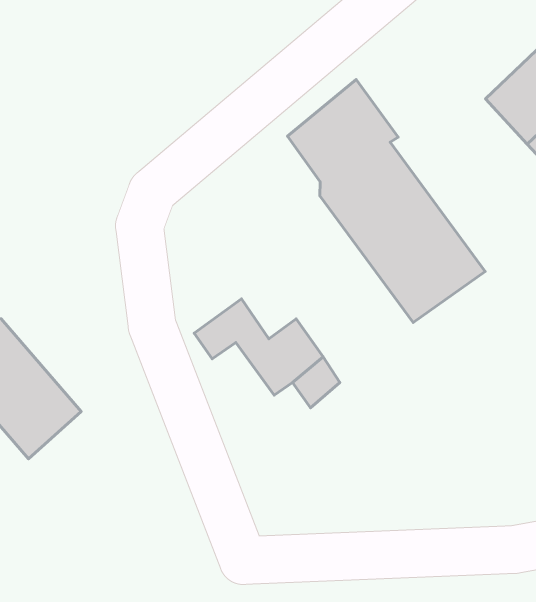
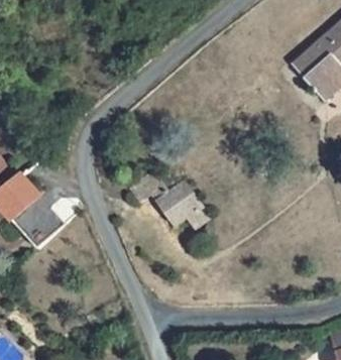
building: [288,80,485,322] -> none

